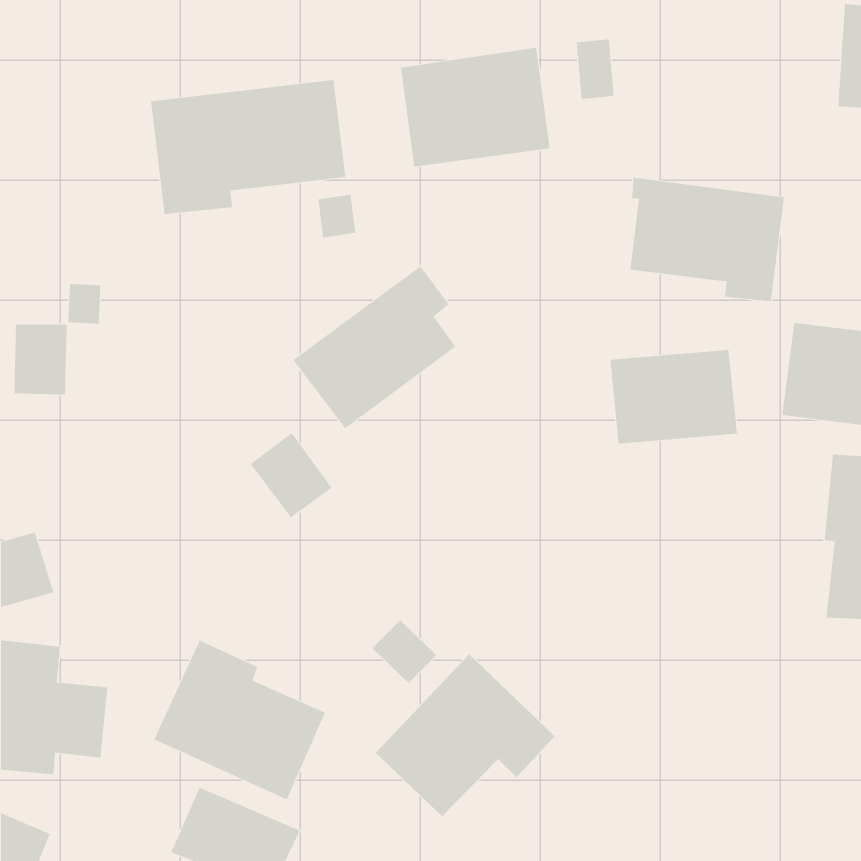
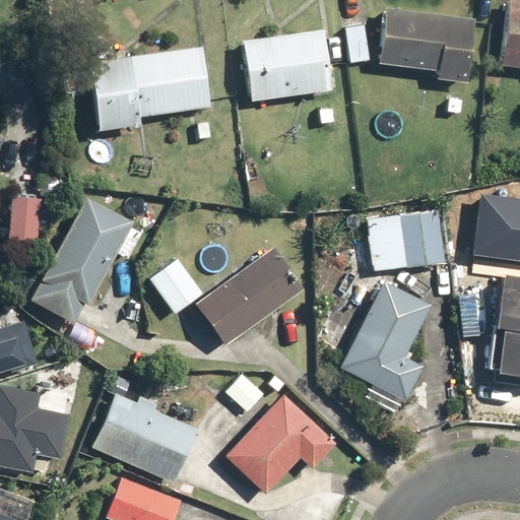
building: [630,177,785,302] -> [380,7,473,82]
building: [293,265,456,429] -> [196,247,295,345]
building: none -> [31,197,141,322]
building: none -> [342,281,430,398]

